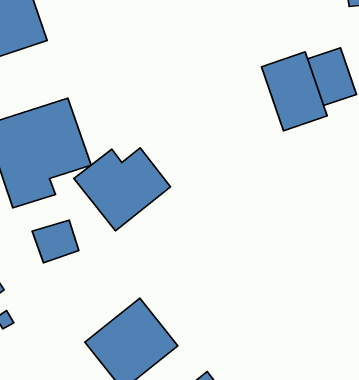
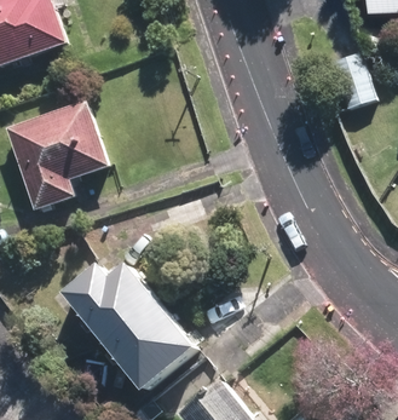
building: [262,52,327,131] -> none
building: [74,148,171,231] -> [64,267,160,350]

